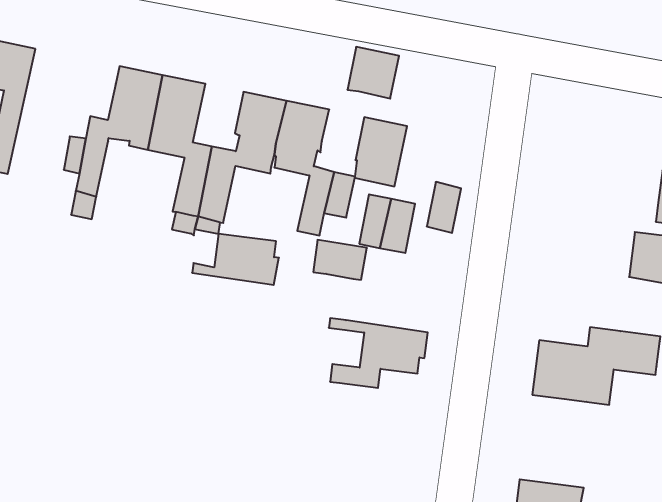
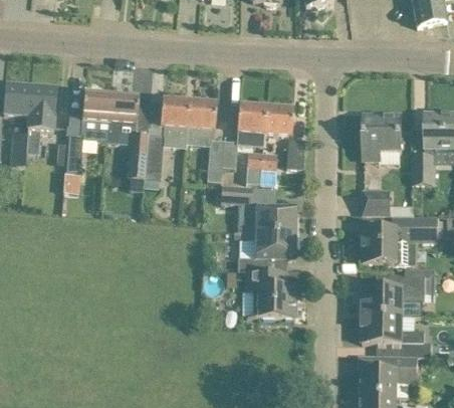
building: [347,47,399,99] -> [263,106,292,135]
building: none -> [25,87,56,155]
building: none -> [364,113,402,158]
building: [192,234,279,285] -> [243,204,295,231]
building: none -> [364,189,390,213]
building: none -> [244,269,298,316]
building: none -> [363,274,437,315]

